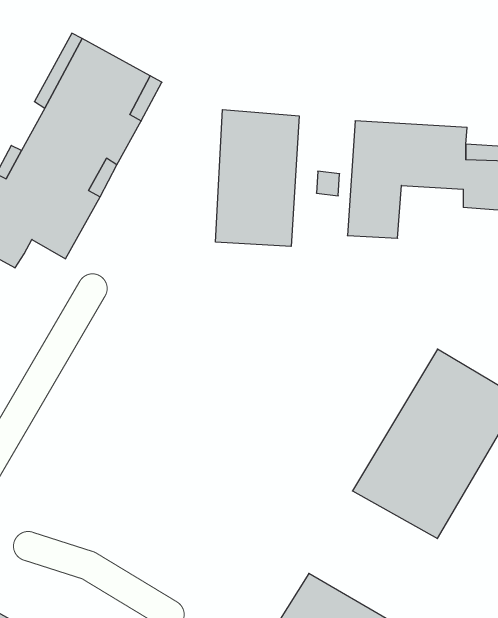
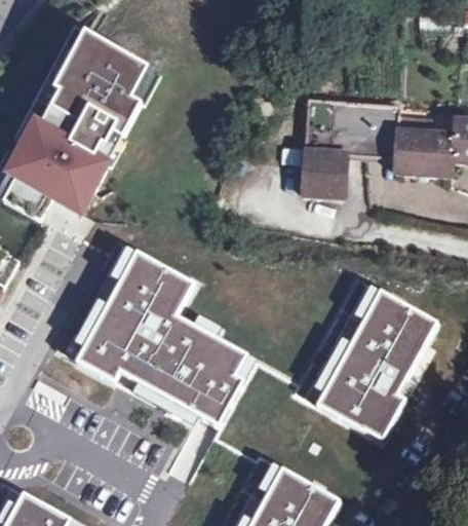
building: [216,110,299,246] -> none
building: none -> [76,252,241,429]

